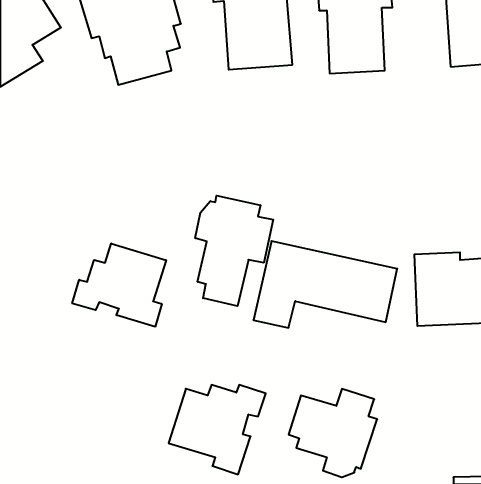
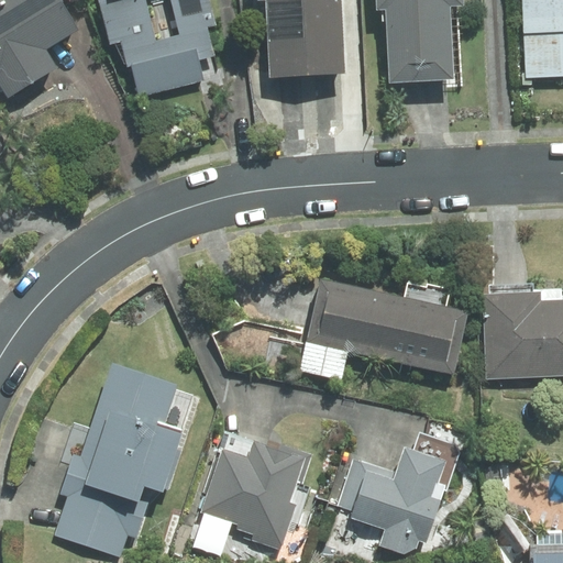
building: [195,196,273,306] -> none
building: [72,243,166,327] -> none
building: none -> [58,362,173,554]

